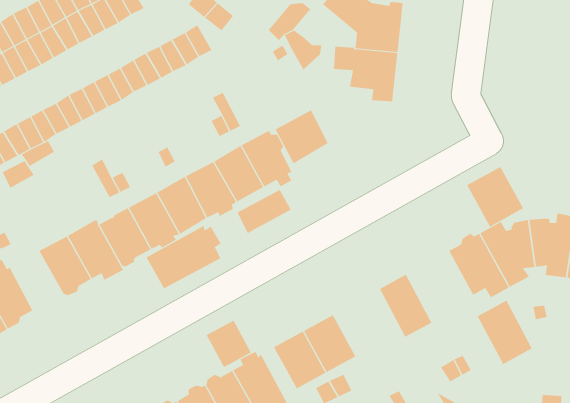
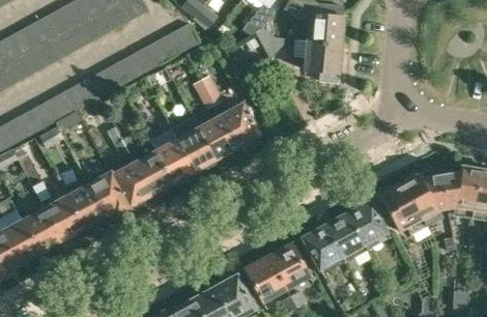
building: [275,109,329,164] -> none
building: [466,166,524,227] -> none
building: [237,189,291,234] -> none
building: [146,225,221,289] -> none
building: none -> [46,195,86,240]
building: none -> [304,224,347,273]
building: [477,300,533,365] -> [348,200,391,250]
building: [206,320,252,368] -> none

